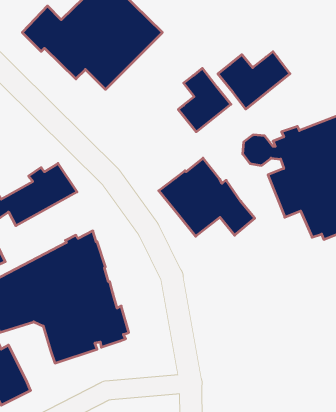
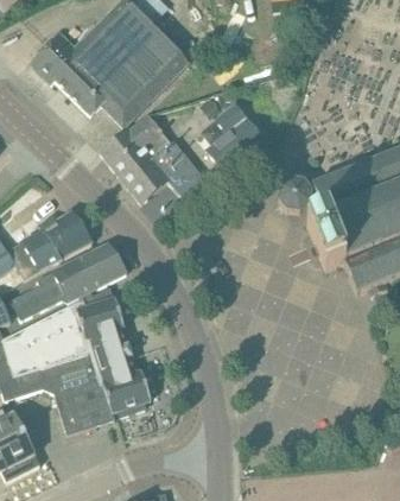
building: [218,52,290,109] -> none
building: [159,158,255,236] -> [99,113,207,201]
building: none -> [11,243,125,318]

